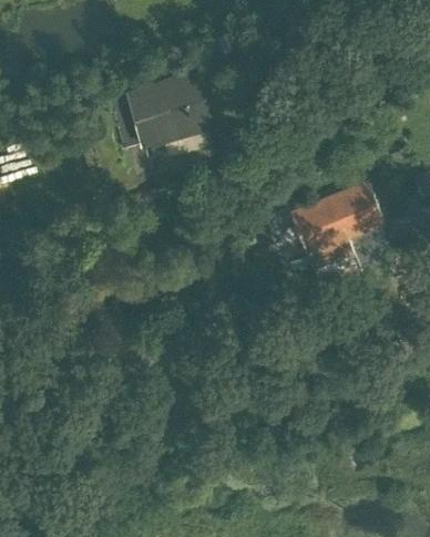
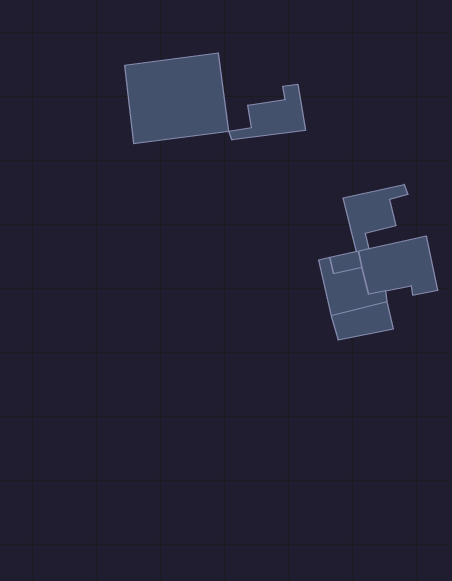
building: none -> [229,84,305,140]
building: none -> [343,184,408,252]

